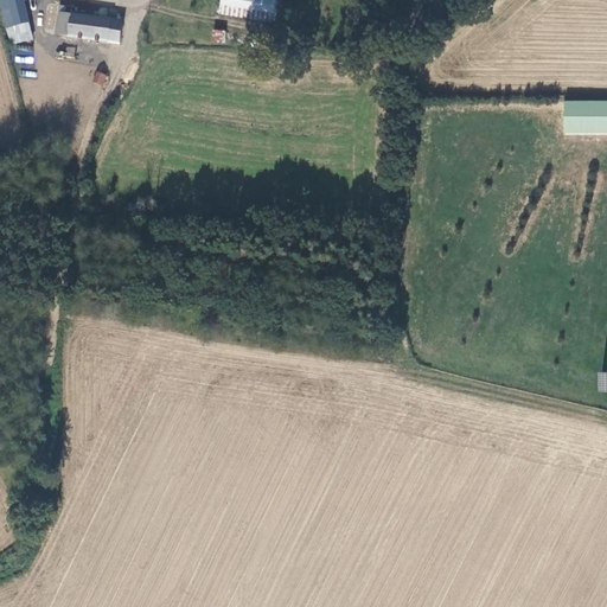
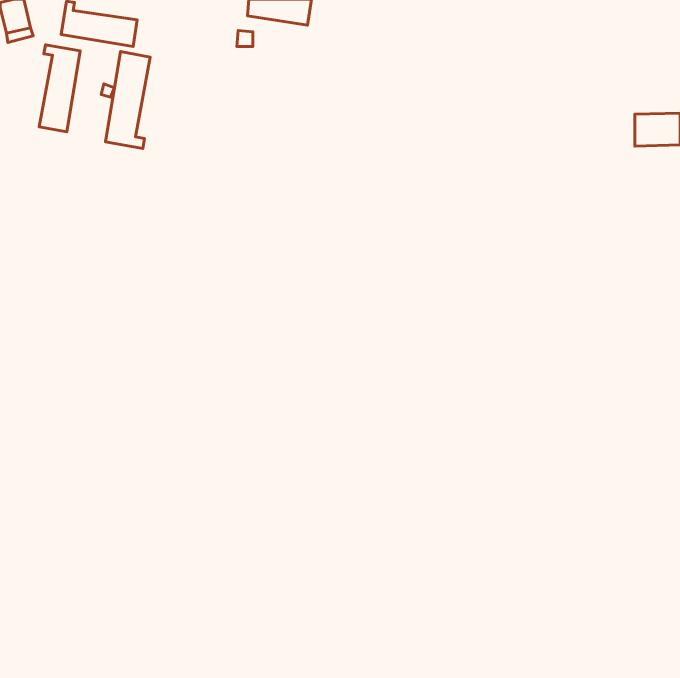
building: none -> [39,45,80,132]
building: none -> [105,52,150,148]

